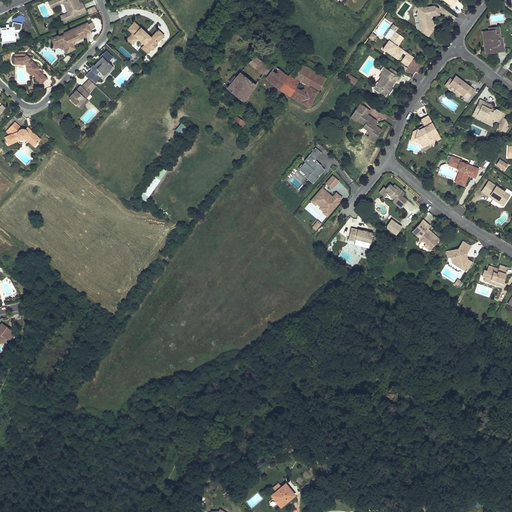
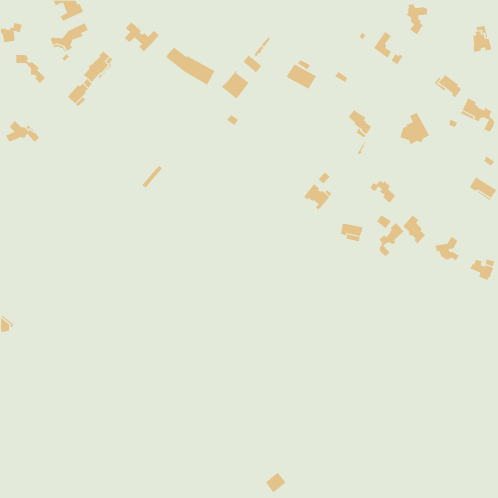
building: [266,67,317,107] -> [166,47,215,86]
building: [372,67,401,96] -> none
building: [300,147,326,183] -> none
building: [449,157,479,186] -> none
building: none -> [379,222,404,257]

